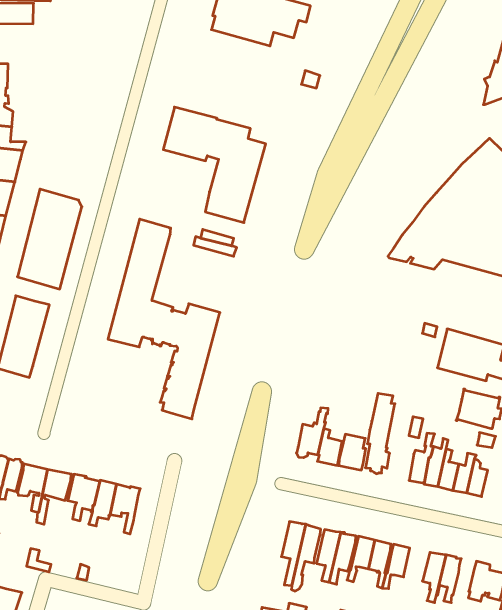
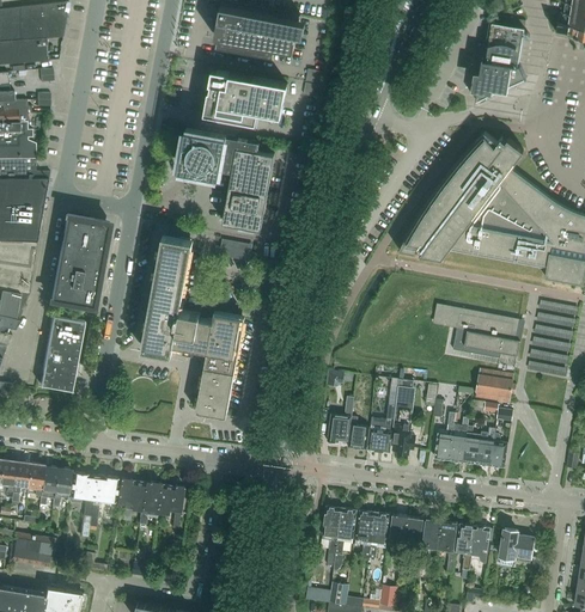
building: none -> [203,71,287,123]
building: none -> [437,521,457,573]

